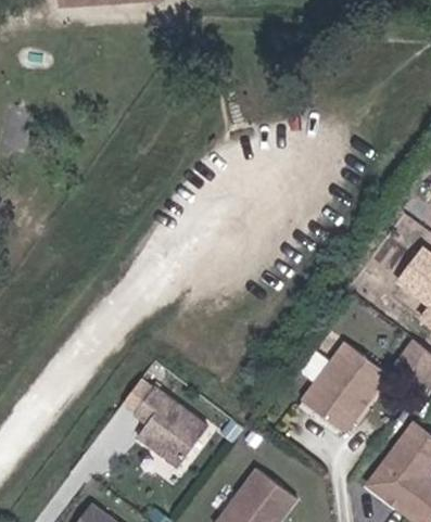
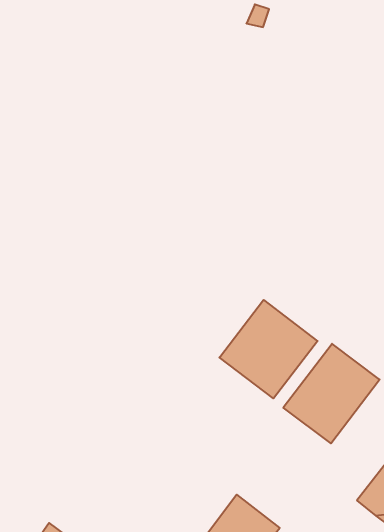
building: none -> [219,300,318,398]
building: [127,383,200,463] -> none

